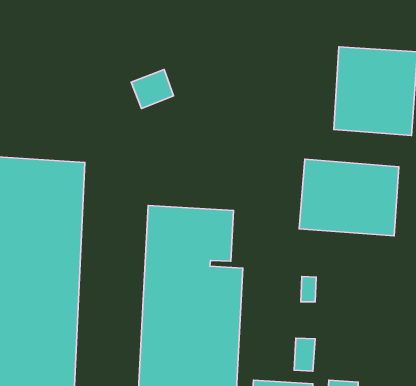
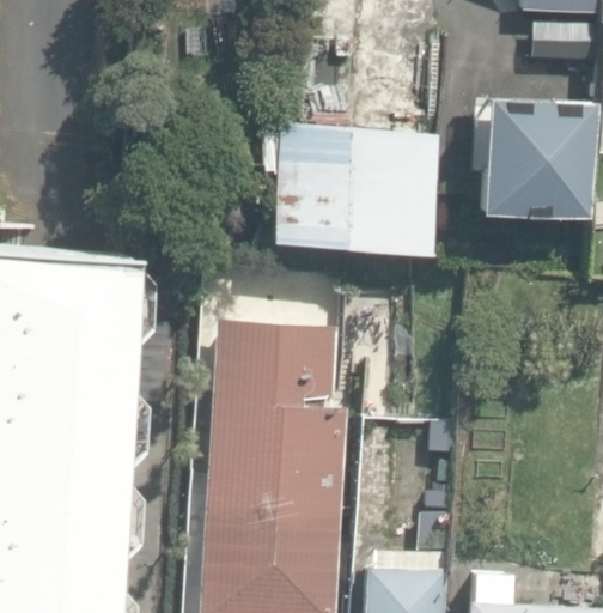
building: none -> [269,123,443,256]
building: [299,159,399,236] -> none

